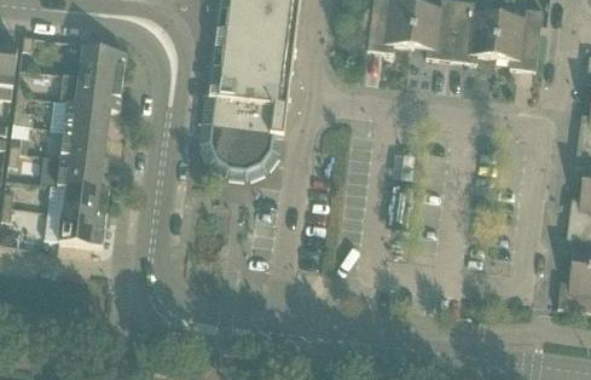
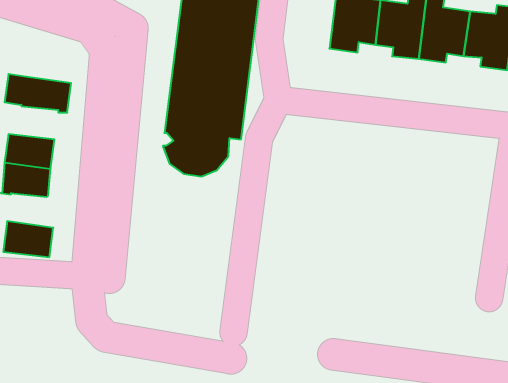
building: [80,46,126,80] -> none
building: [63,99,110,133] -> none
building: [62,184,109,217] -> none

